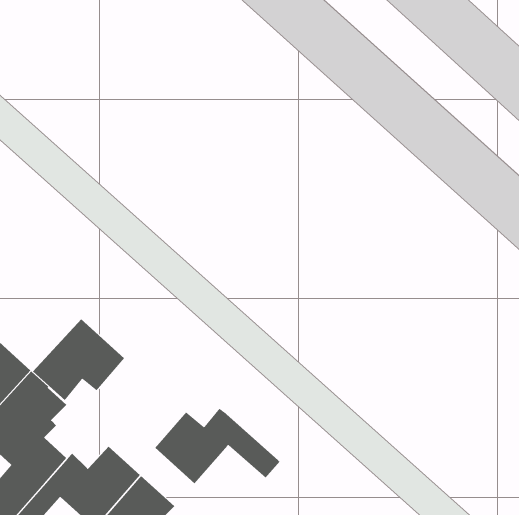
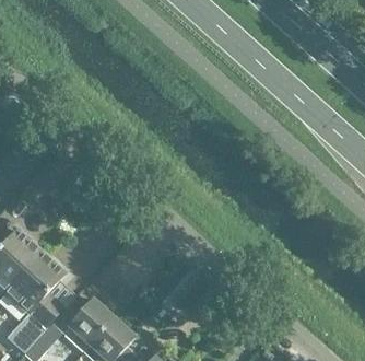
building: [32,319,125,401] -> none
building: [154,408,280,484] -> none

